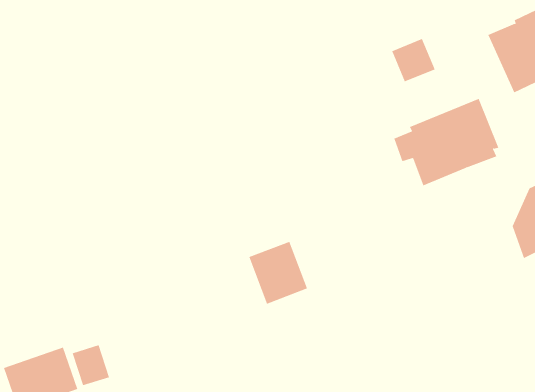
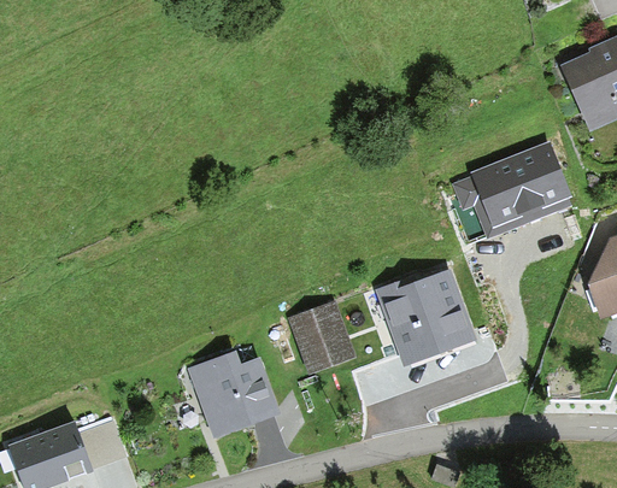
building: [391,38,435,82] -> none
building: none -> [375,269,477,366]
building: none -> [187,348,280,437]

